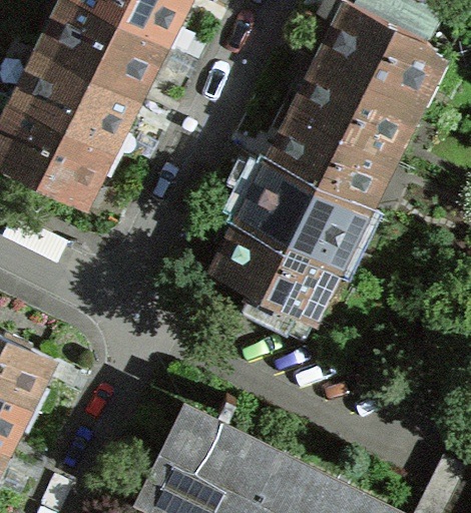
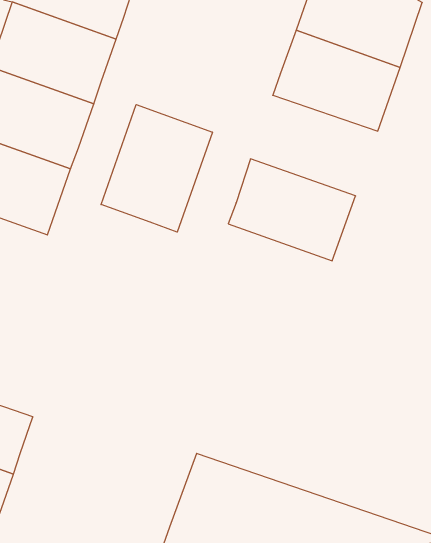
building: none -> [101,105,212,232]
building: [267,111,379,206] -> none
building: [213,216,326,314] -> none

